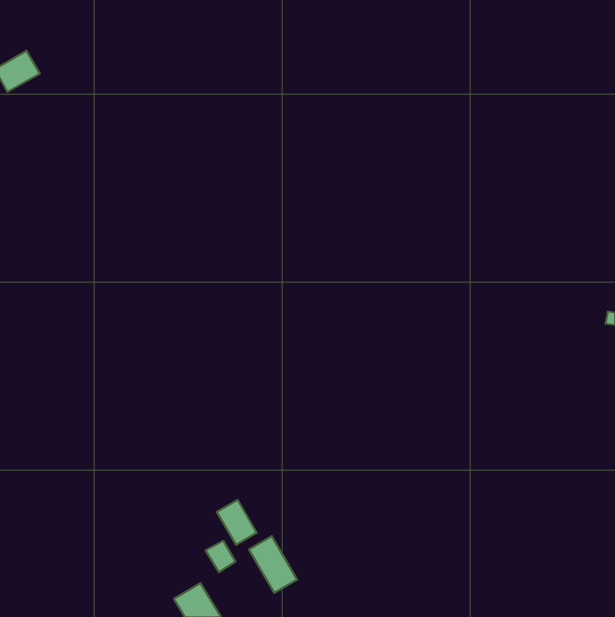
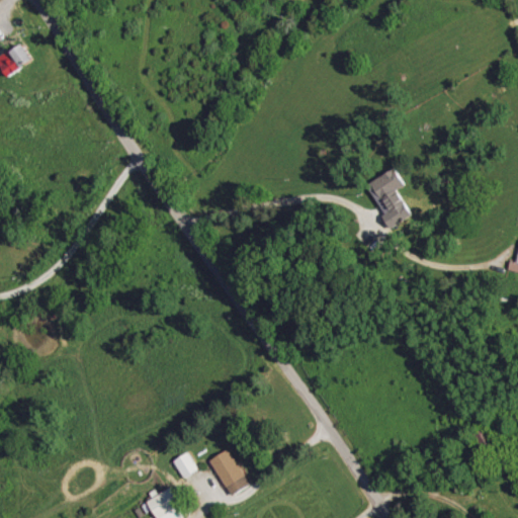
building: none -> [366,169,411,228]
building: [217,500,257,545] -> none

